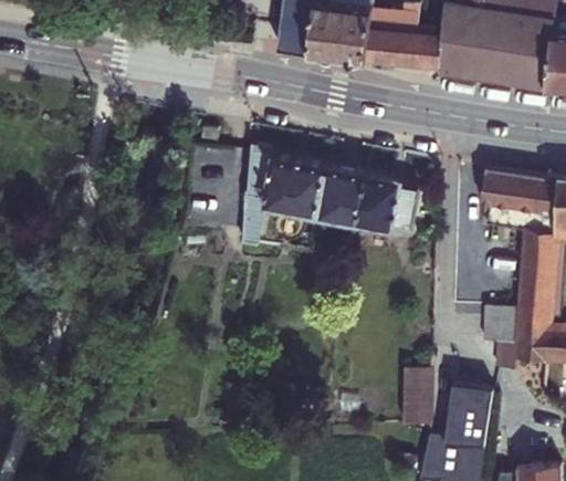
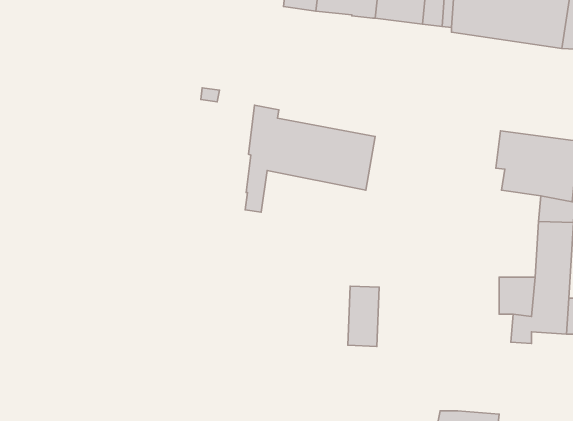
building: [358,174,419,231] -> none
building: [402,369,432,427] -> [348,286,379,346]
building: [446,384,493,438] -> none

